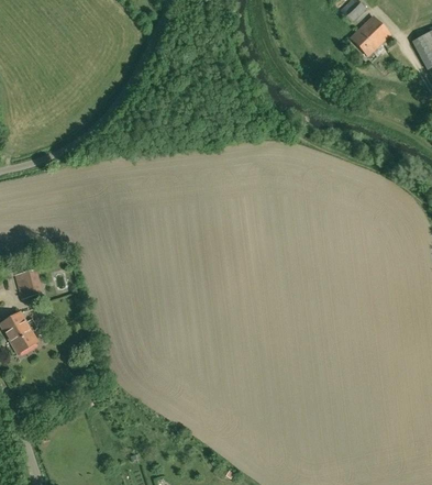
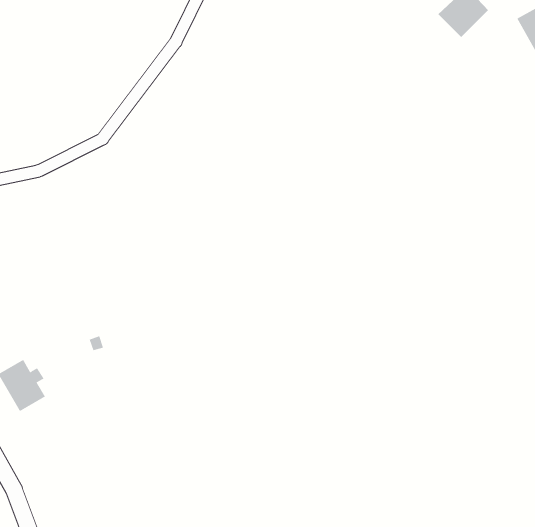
building: [15,268,43,298] -> none

